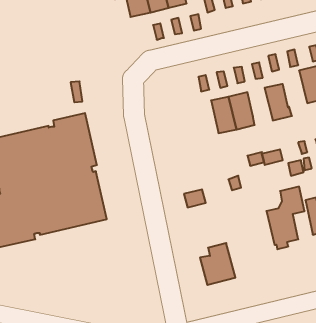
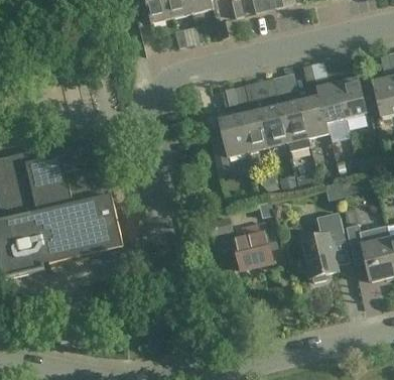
building: none -> [316,82,347,123]
building: none -> [280,101,308,142]
building: none -> [208,115,248,156]
building: [200,243,235,285] -> [233,222,272,268]

